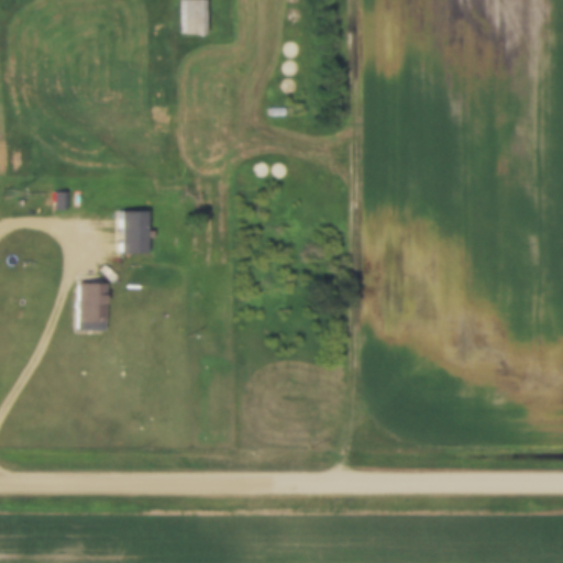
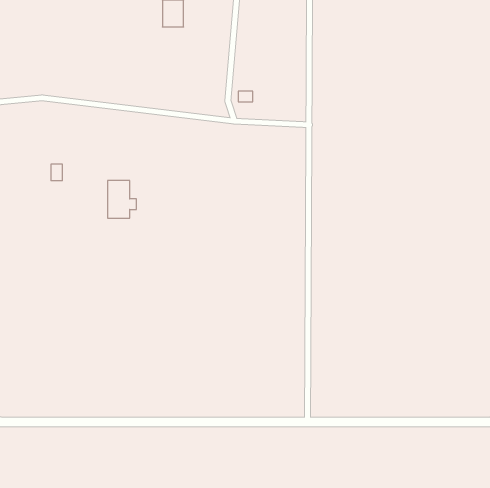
building: [80,284,107,330] -> none

